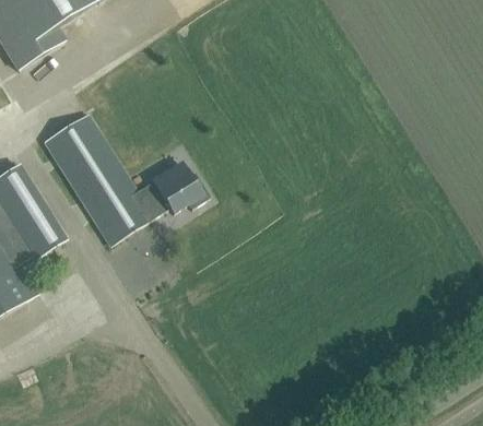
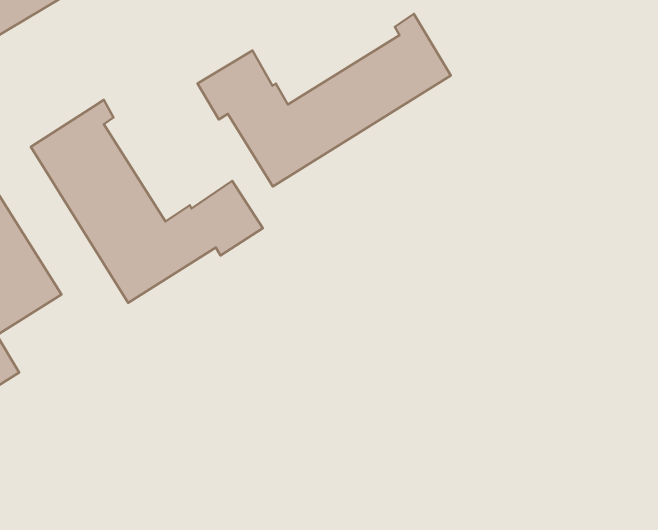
building: none -> [198,14,451,187]

